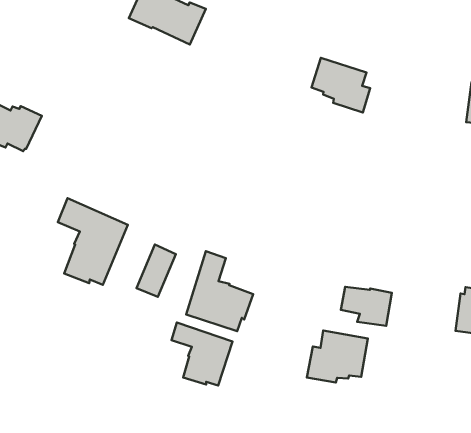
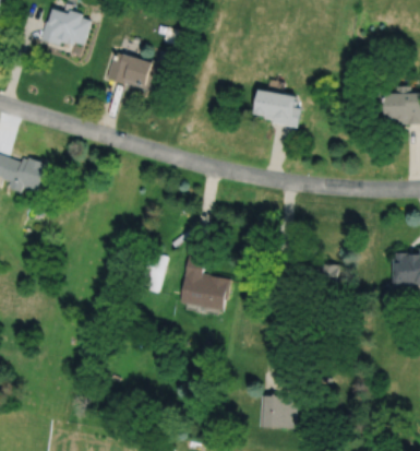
building: [58,198,128,285] -> none
building: [172,323,233,385] -> none
building: [307,330,368,383] -> none

